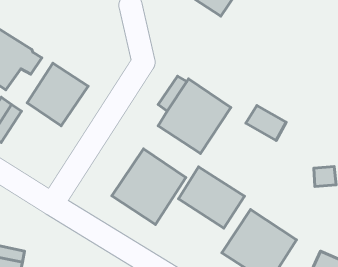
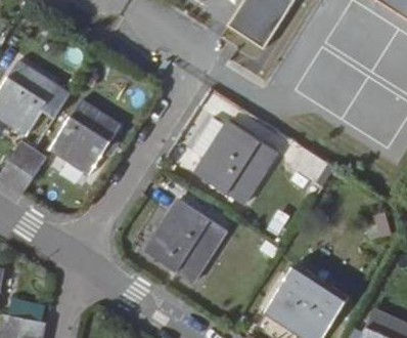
building: [179,167,245,228] -> none

